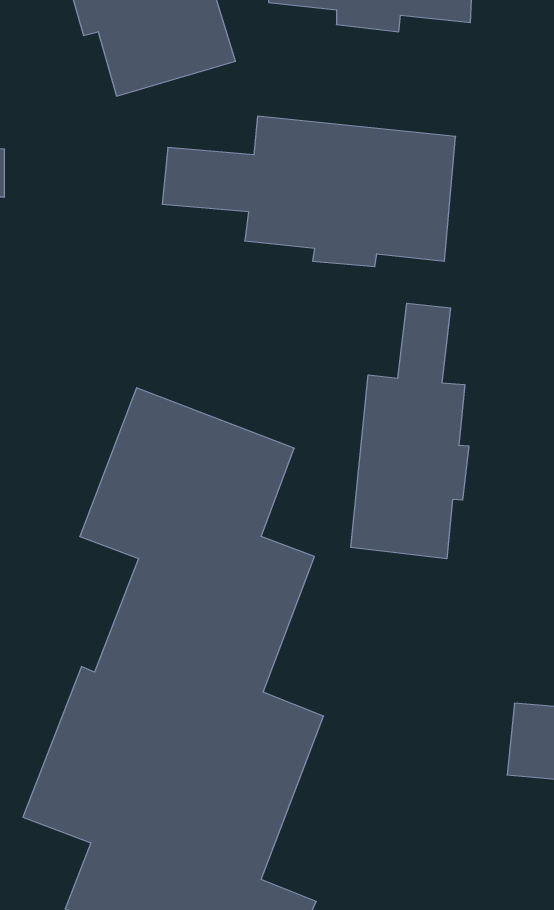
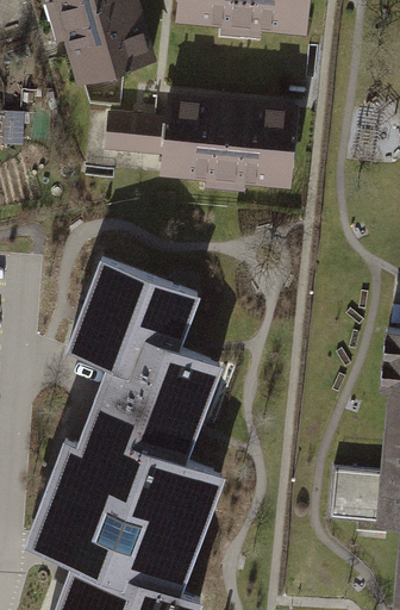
building: [351,303,469,559] -> none

